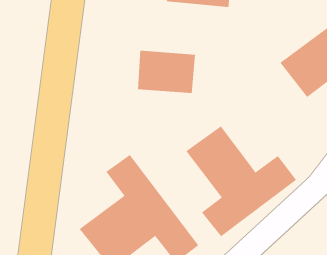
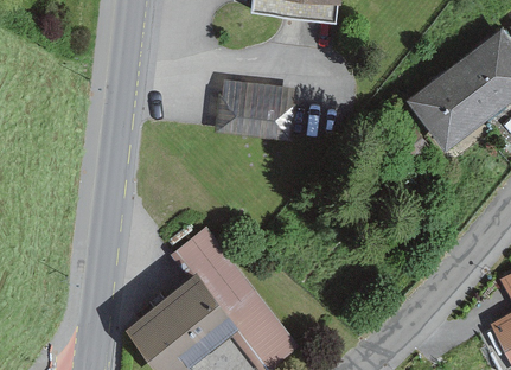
building: [186,126,297,237] -> none

